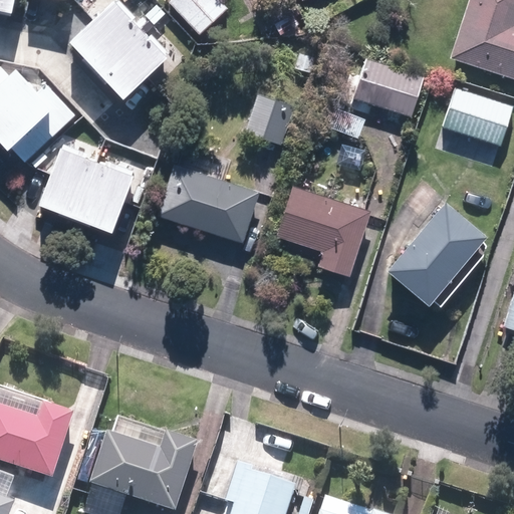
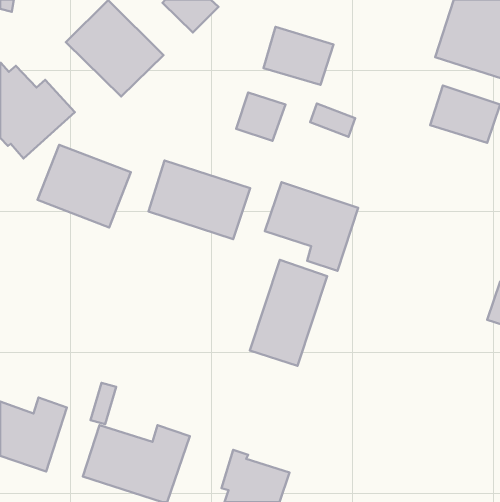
building: [352,58,424,117] -> [264,27,333,85]
building: [381,202,482,306] -> none
building: none -> [250,260,327,366]

